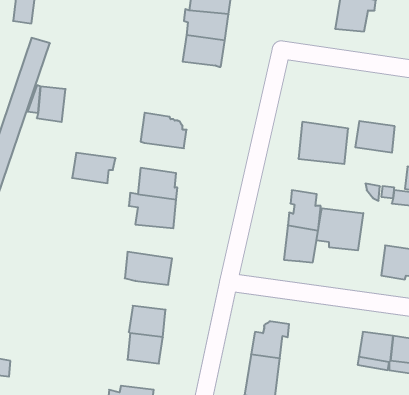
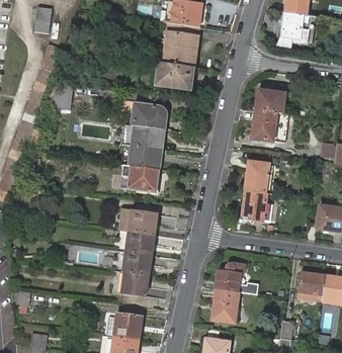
building: none -> [154,62,191,90]
building: [355,121,395,153] -> [256,89,286,113]
building: [72,153,116,183] -> [132,125,165,149]
building: [316,208,363,250] -> none
building: none -> [125,232,154,254]

